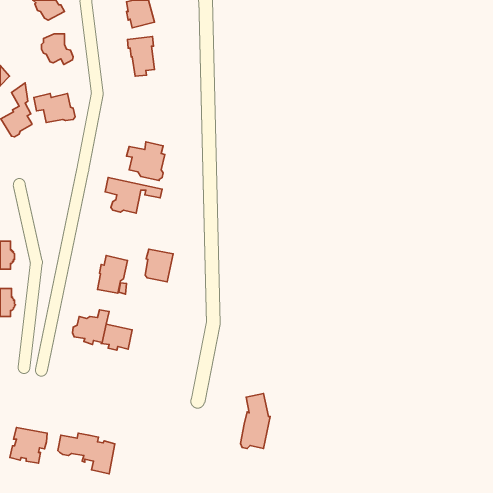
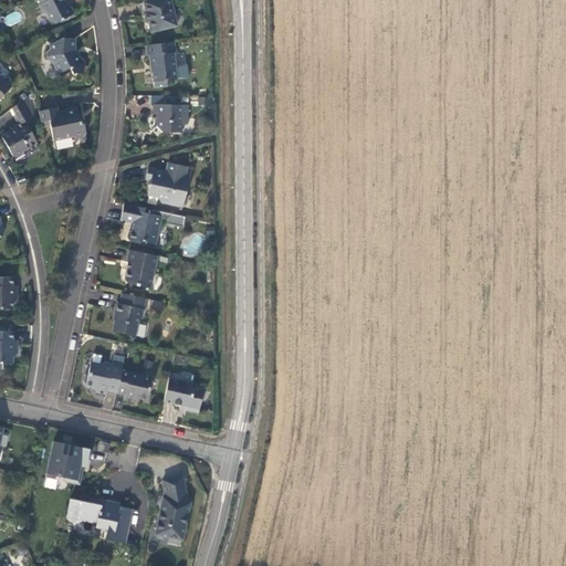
building: none -> [153,104,188,133]
building: [145,249,173,282] -> [125,250,157,287]
building: none -> [164,377,203,412]
building: [240,393,270,448] -> [156,475,190,538]
building: [10,428,47,463] -> [45,441,88,482]

